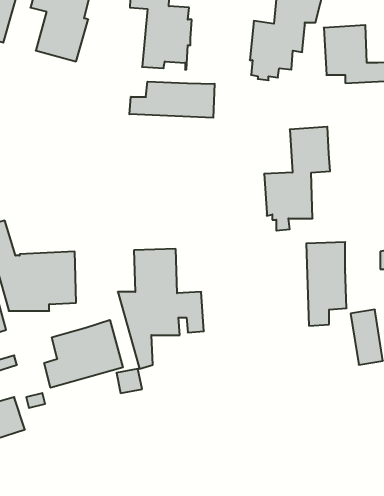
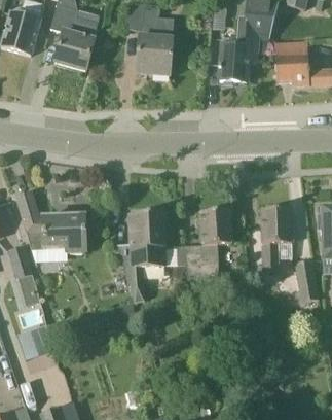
building: [129,82,215,118] -> none
building: [264,127,330,231] -> [181,209,231,288]
building: [44,320,123,388] -> none

